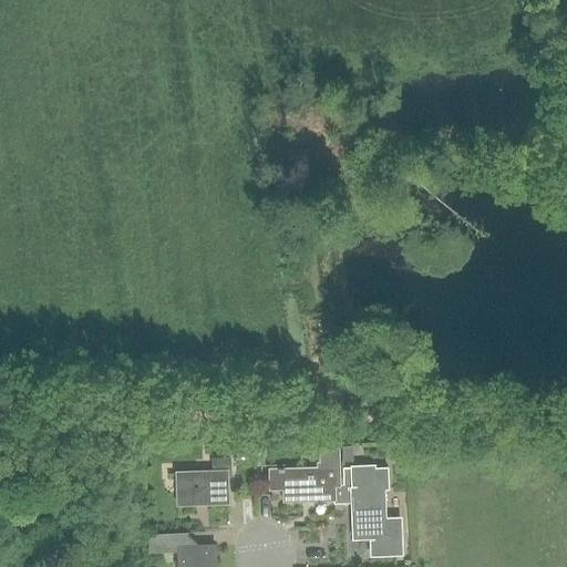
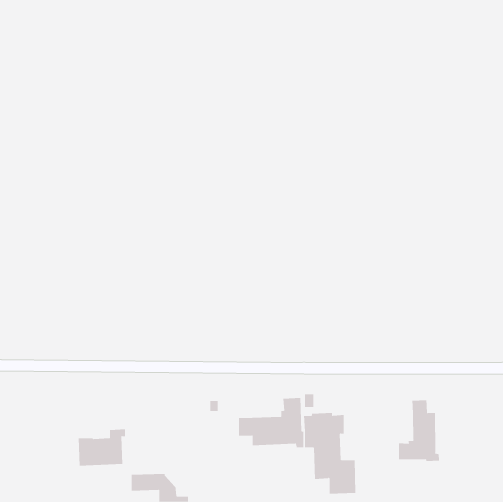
building: none -> [399,400,439,462]
building: [176,463,230,505] -> [78,429,126,466]

